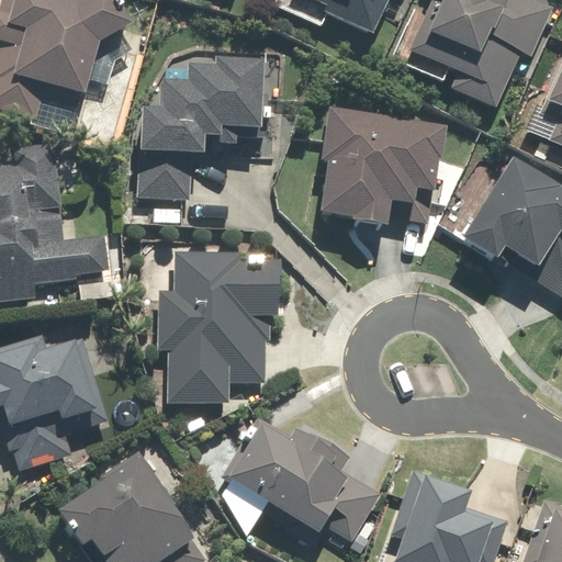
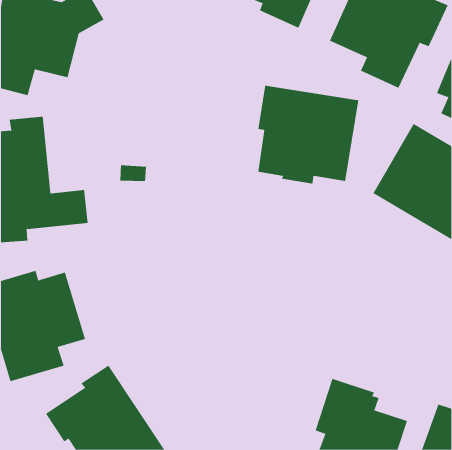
building: [135,59,263,200] -> none
building: [156,250,280,404] -> none
building: [220,415,382,547] -> none

